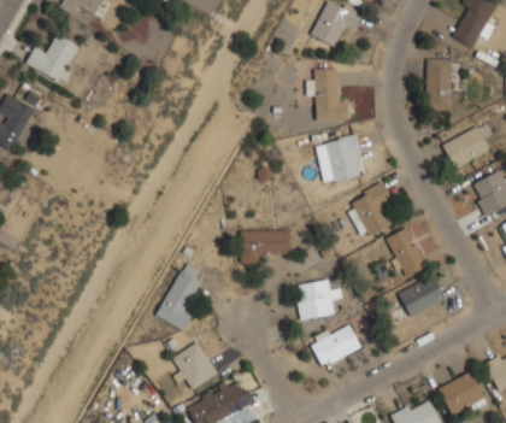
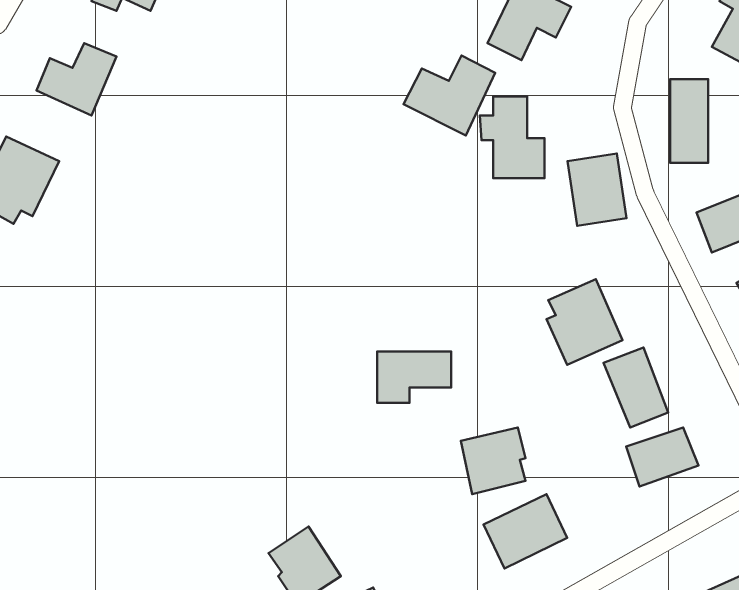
building: none -> [404,56,495,135]
building: [326,135,364,181] -> [567,153,626,226]
building: [155,262,205,330] -> none

